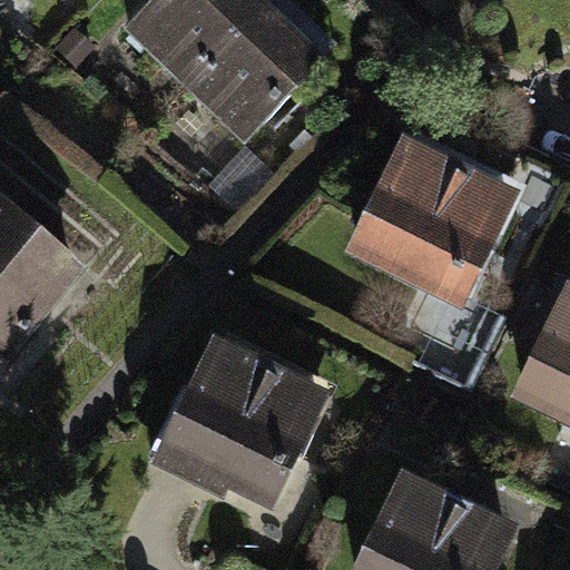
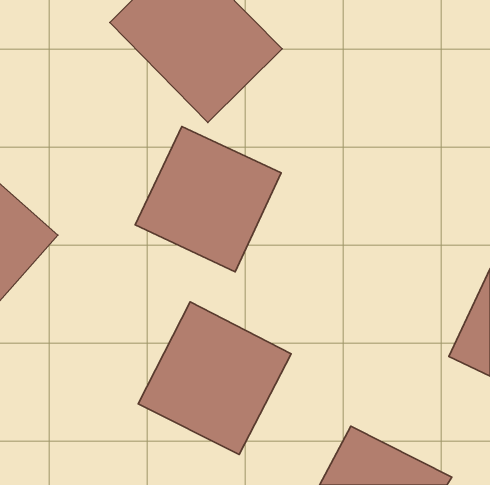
building: [347,139,518,306] -> none
building: none -> [135,126,281,272]

